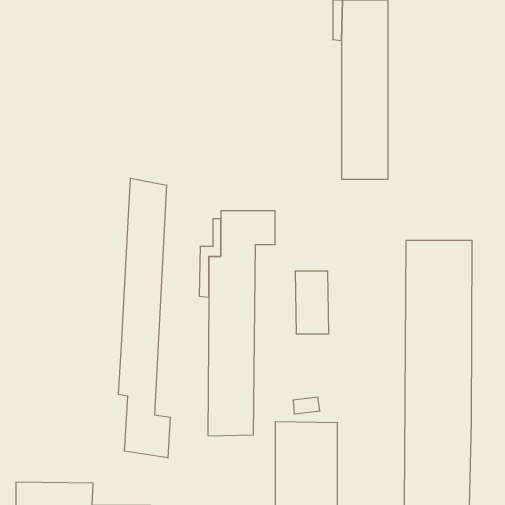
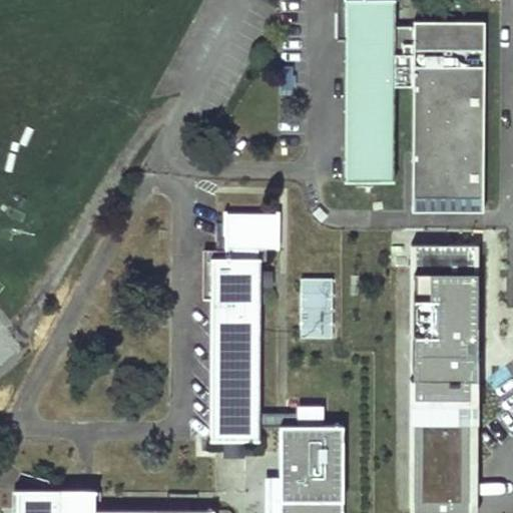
building: none -> [394,22,486,211]
building: [118,178,170,458] -> none

